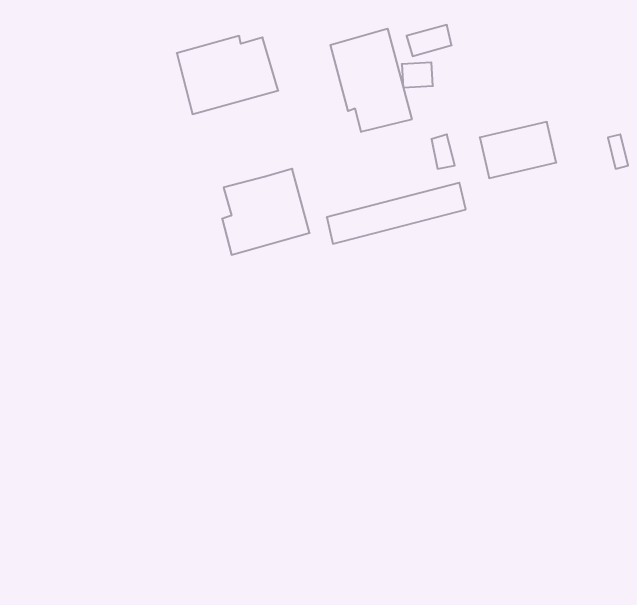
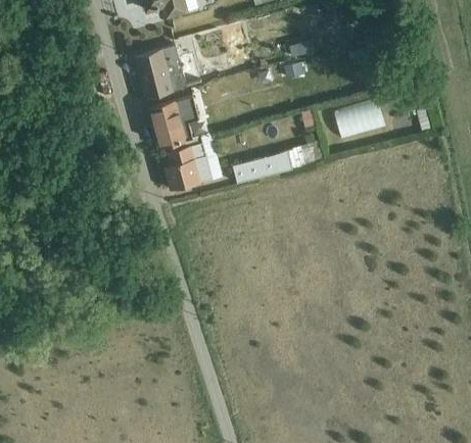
building: [330,29,412,132] -> none
building: none -> [147,96,197,147]

